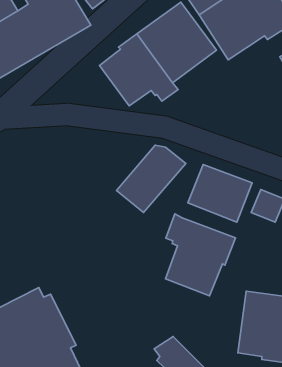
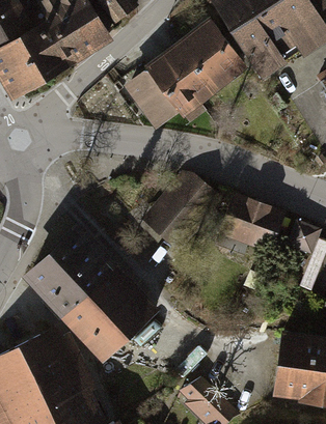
building: none -> [21,224,160,364]
building: [165,214,235,296] -> none

